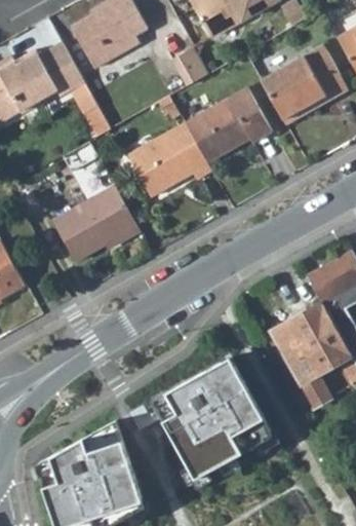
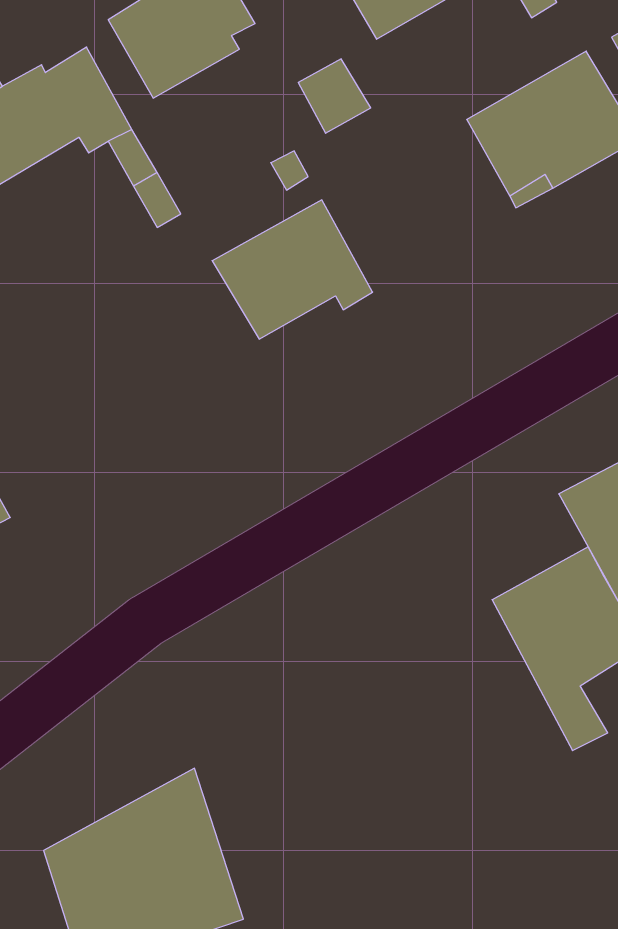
building: [184,87,272,163] -> none
building: [52,185,140,263] -> none
building: [153,356,275,478] -> none

